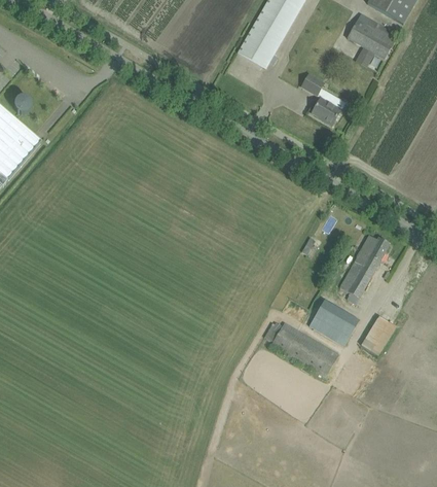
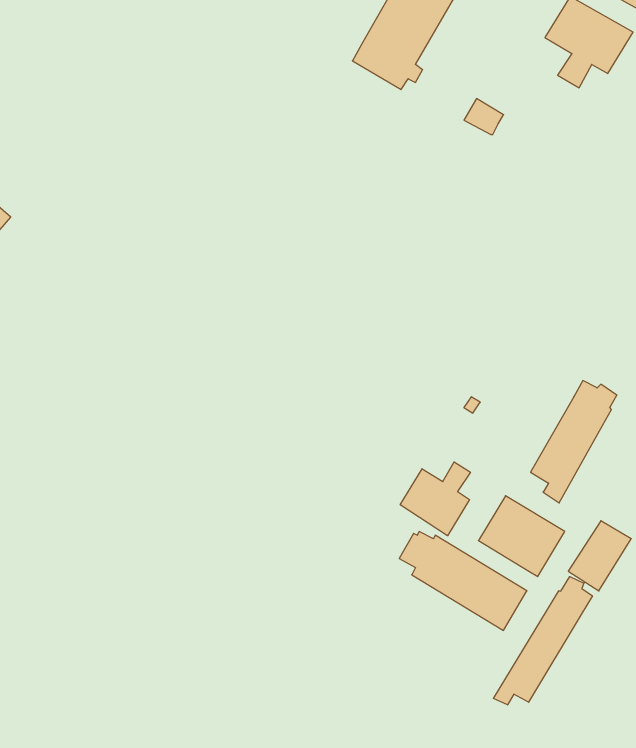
building: [311,88,340,125] -> none
building: none -> [400,462,470,536]
building: none -> [493,577,592,705]

